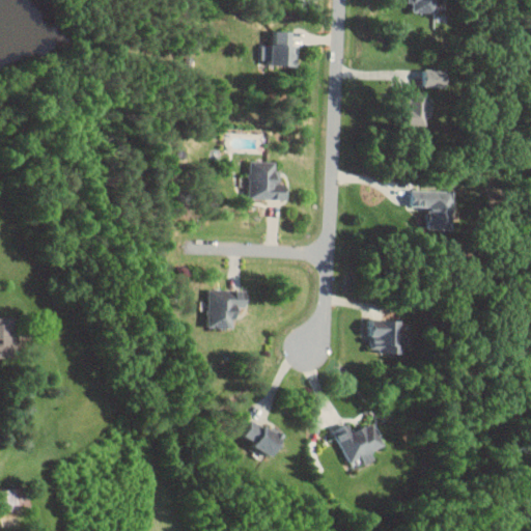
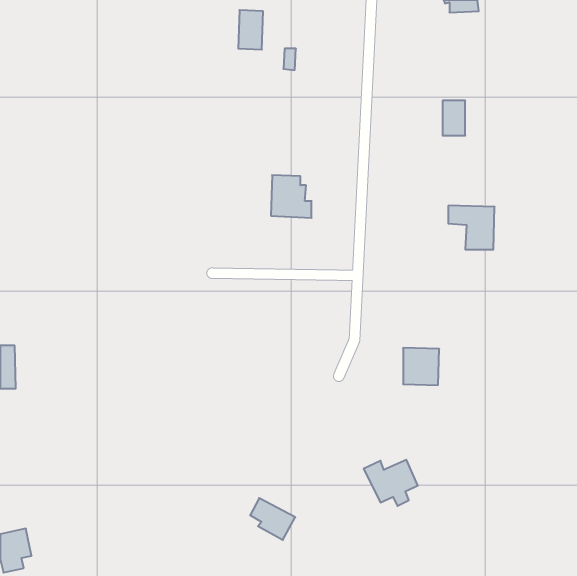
building: [273,31,296,67] -> [238,10,263,50]
building: [423,71,449,87] -> none
building: [208,290,245,329] -> none
building: [243,420,284,458] -> [250,498,295,540]

